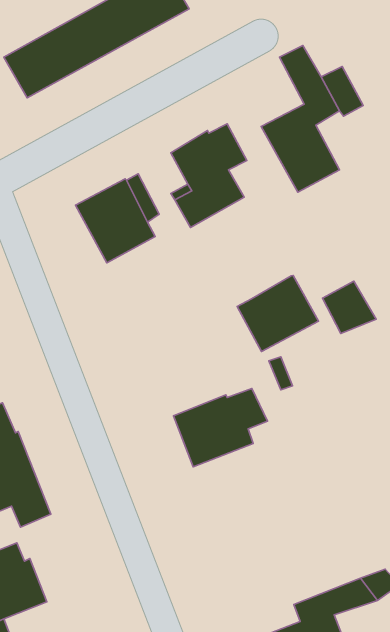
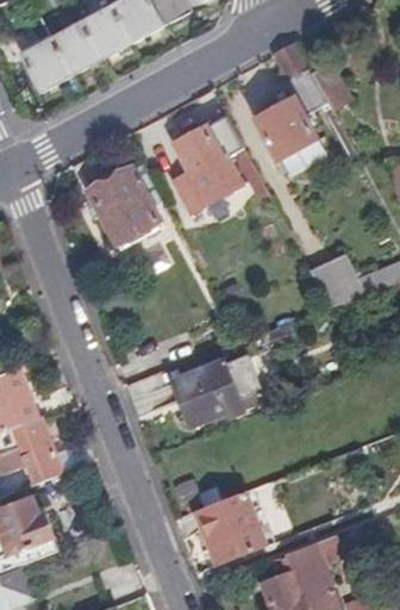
building: [237,275,318,352] -> none
building: none -> [196,491,264,559]

